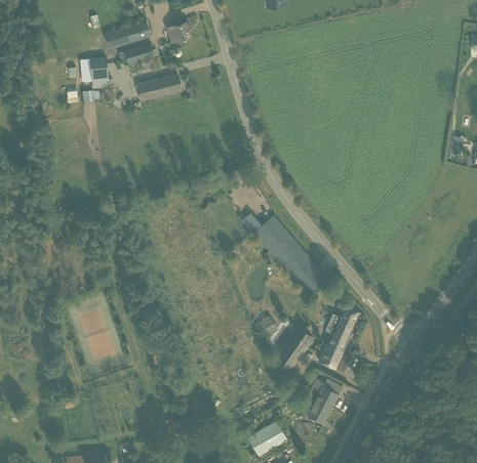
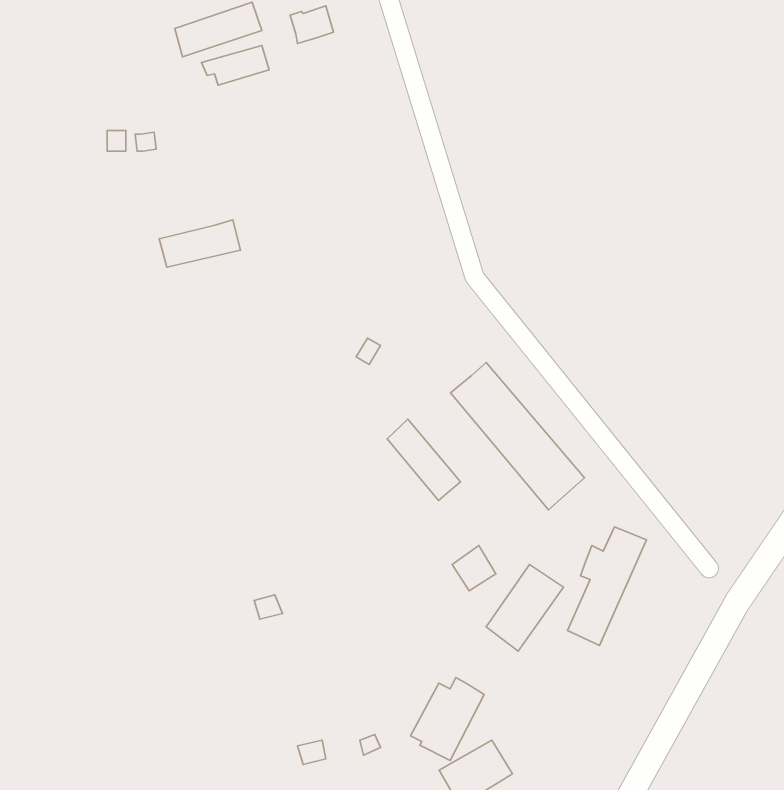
building: [80,56,114,88] -> none
building: [137,74,182,99] -> [159,220,240,267]
building: none -> [387,419,461,501]
building: [302,377,342,422] -> [410,677,484,760]

